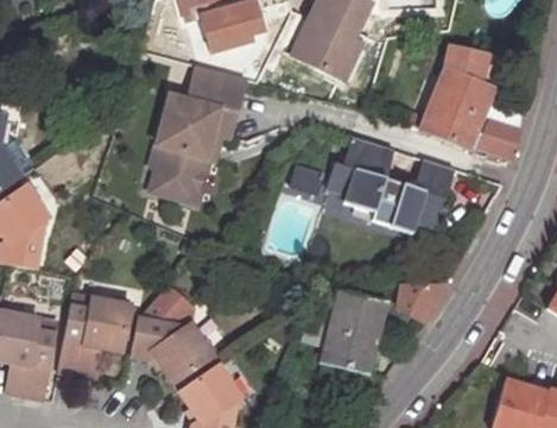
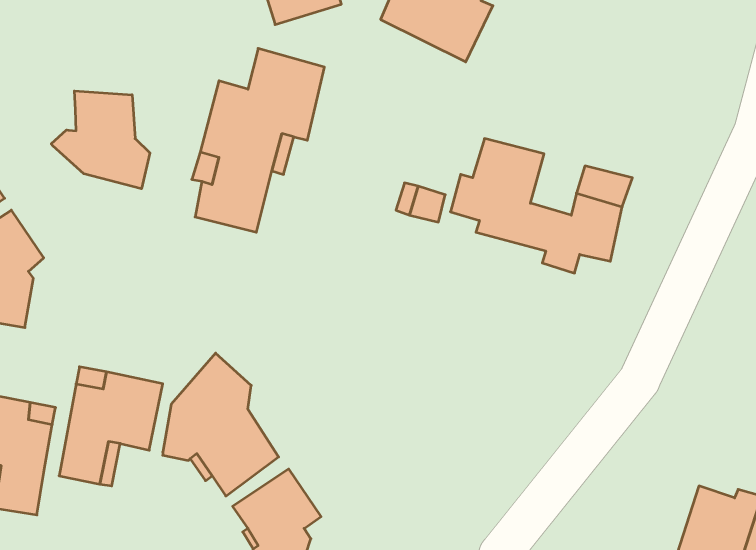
building: [424,50,523,150] -> none
building: none -> [51,91,150,189]
building: [397,283,447,321] -> none
building: [323,294,385,373] -> none

